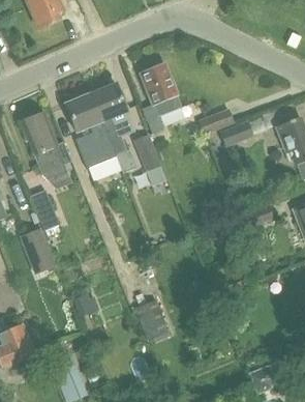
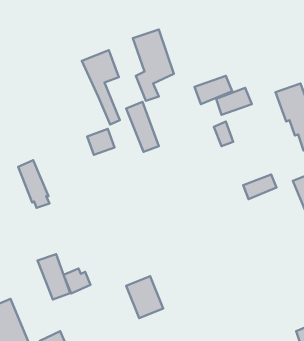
building: [65,94,118,168] -> none
building: [19,112,72,190] -> none
building: [23,228,54,271] -> [38,254,70,300]

